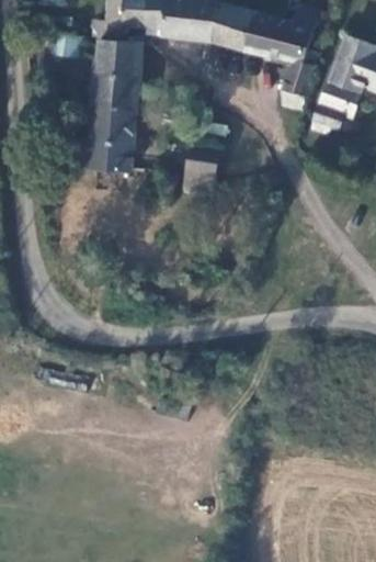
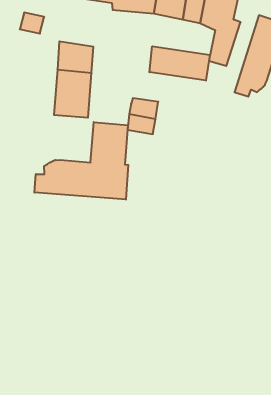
building: [92,38,138,82] -> none
building: none -> [149,46,210,81]
building: none -> [34,122,128,200]

